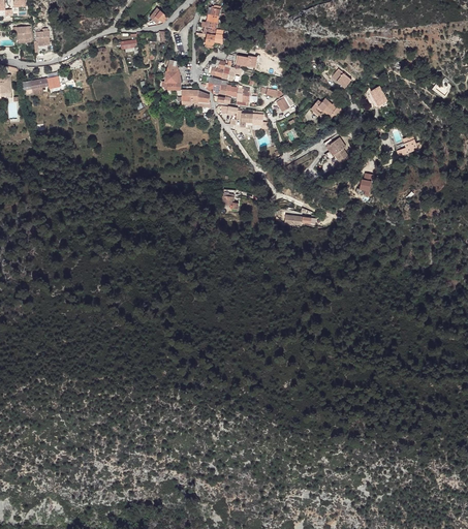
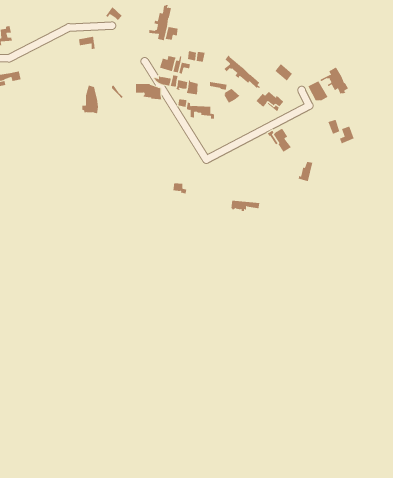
building: [161,59,180,90] -> [81,85,99,114]
building: none -> [223,55,261,89]
building: none -> [320,66,349,95]

